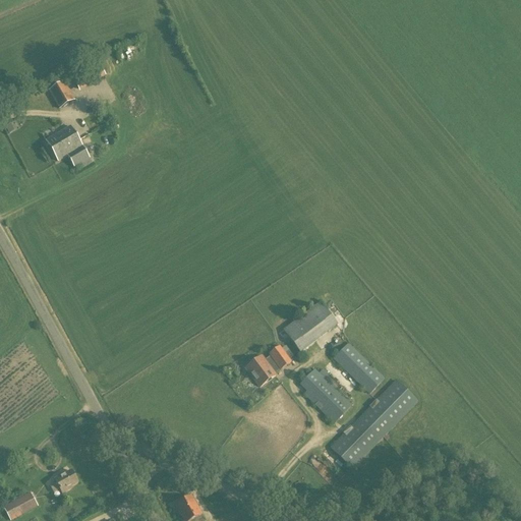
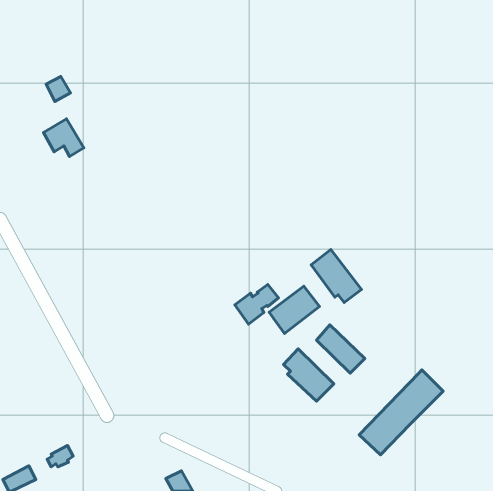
building: none -> [311,249,361,302]
building: [245,345,291,387] -> [235,284,278,324]
building: [330,379,418,468] -> [359,370,443,455]

